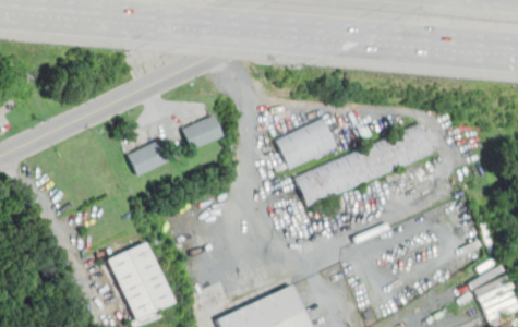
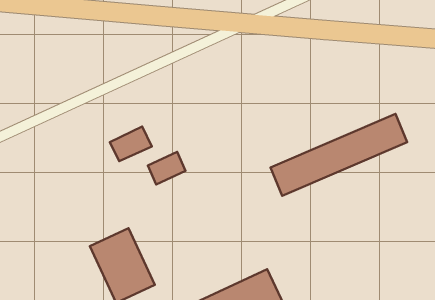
building: [183,114,222,148] -> [148,152,186,184]
building: [276,118,339,170] -> none

